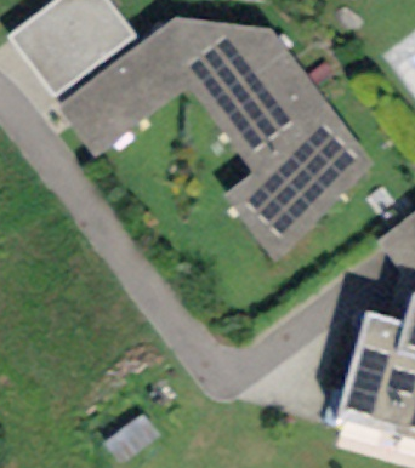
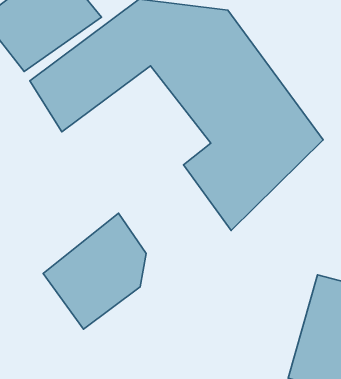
building: none -> [43,213,146,329]

